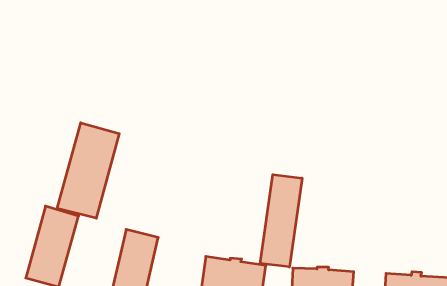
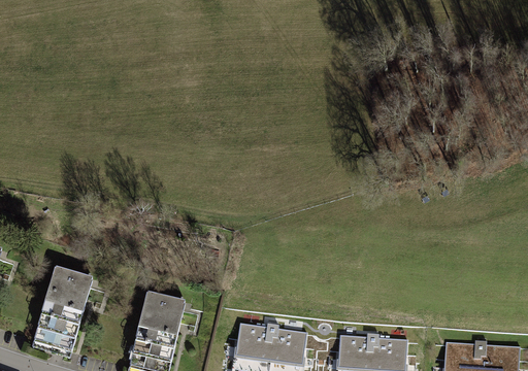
building: [57,123,119,218] -> none
building: [260,175,302,267] -> none

